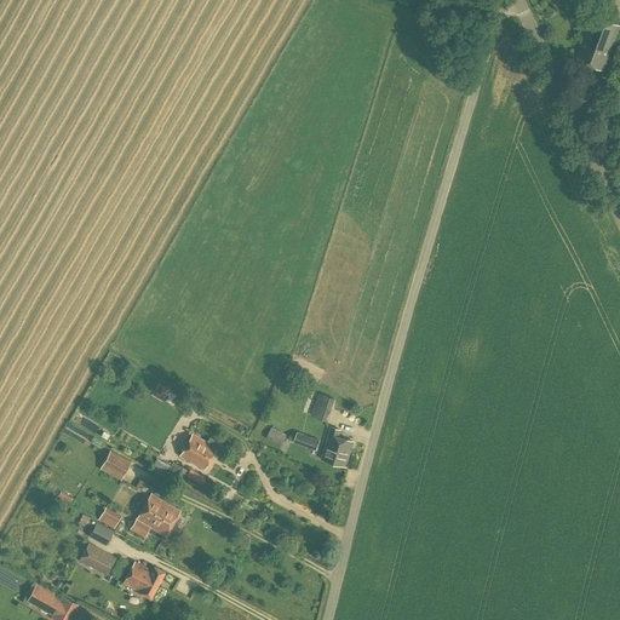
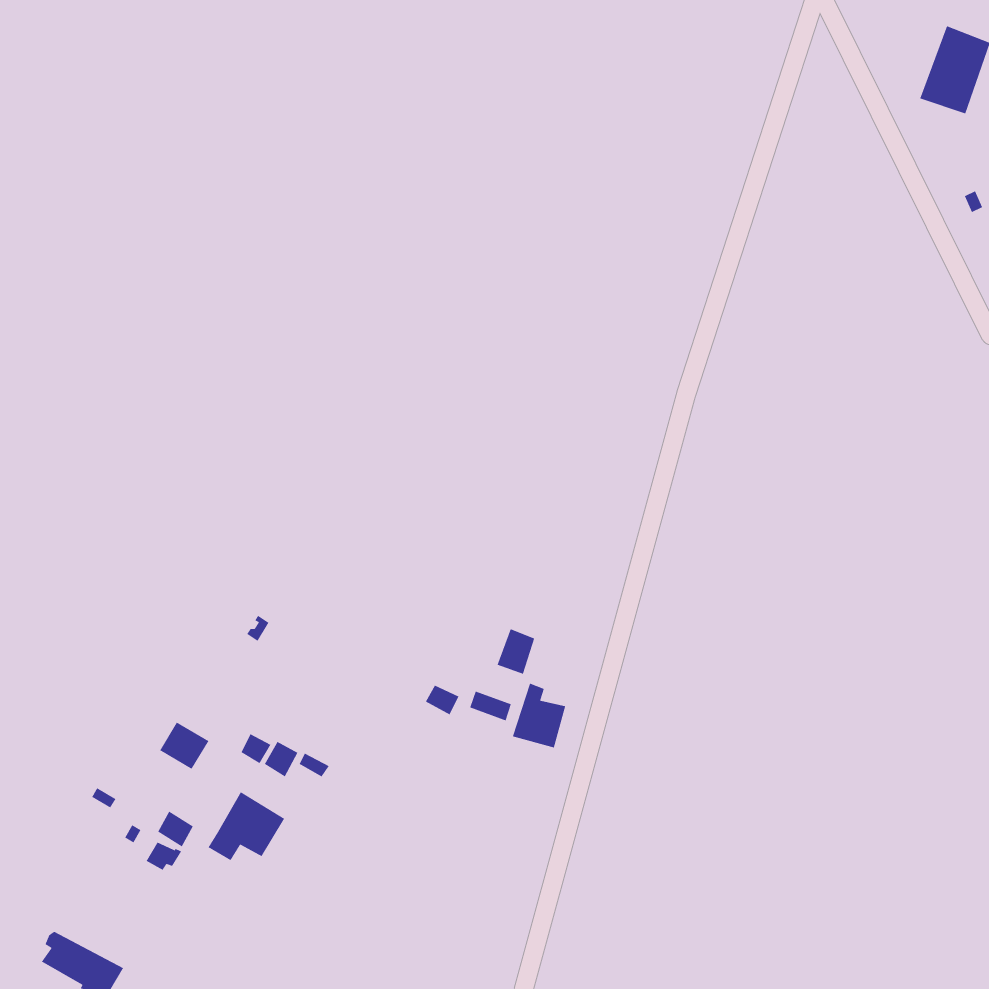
building: [180,435,219,471] -> none
building: [79,544,115,575] -> none
building: [125,562,166,599] -> none

